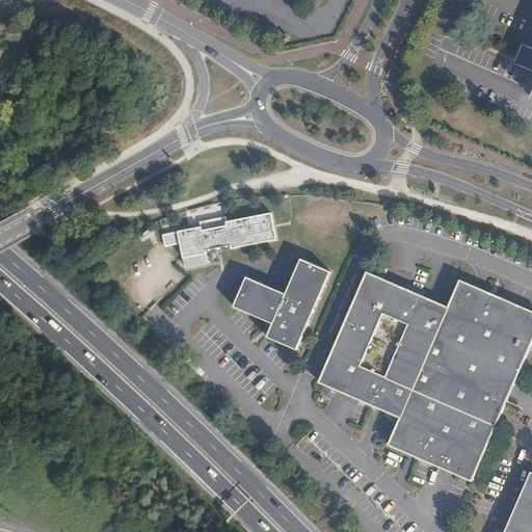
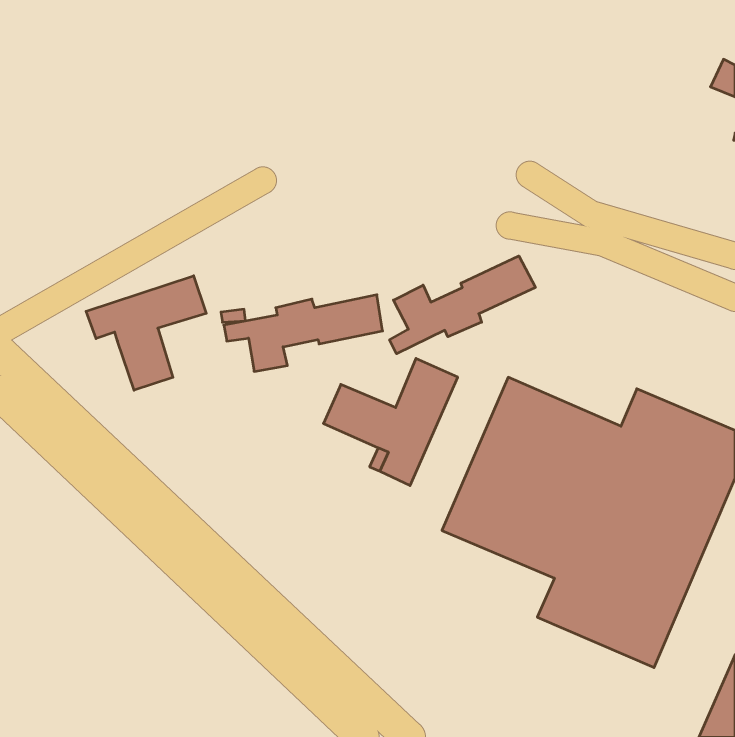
building: none -> [390,256,535,354]
building: none -> [86,276,206,390]

